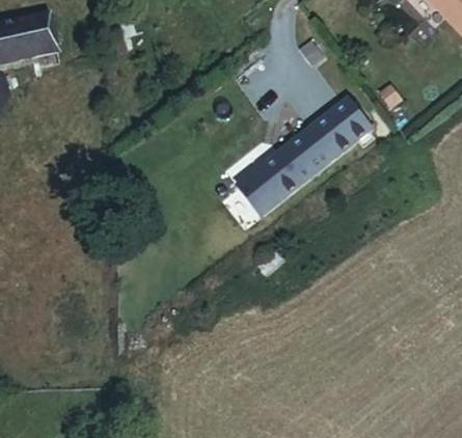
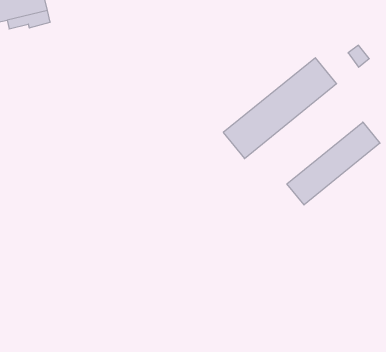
building: none -> [287,122,380,205]

